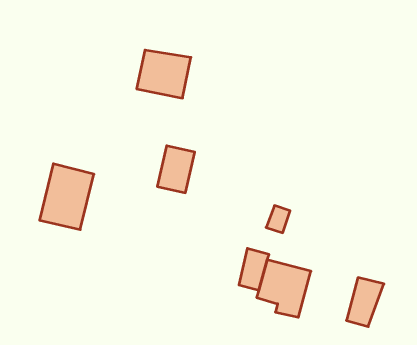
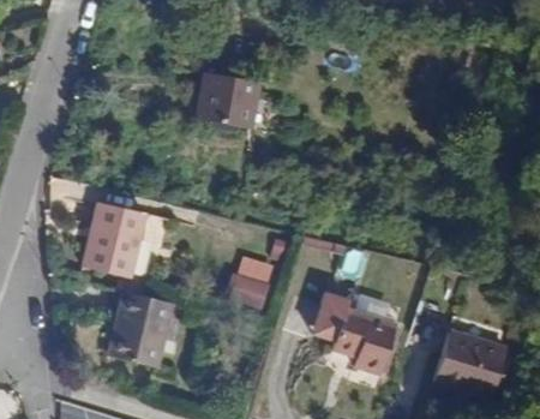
building: [157,146,195,193] -> [235,257,278,311]
building: none -> [113,293,178,370]
building: none -> [462,339,511,396]

